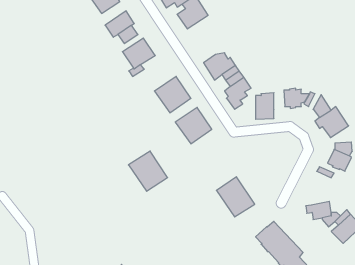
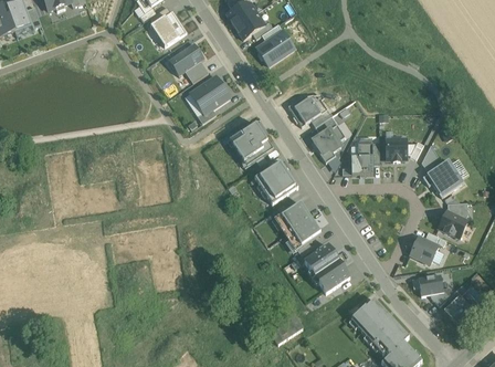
building: [128,151,168,191] -> [274,201,322,250]
building: none -> [410,235,439,262]

